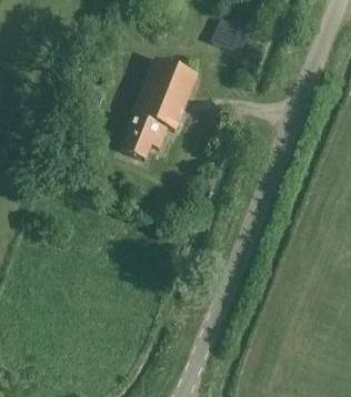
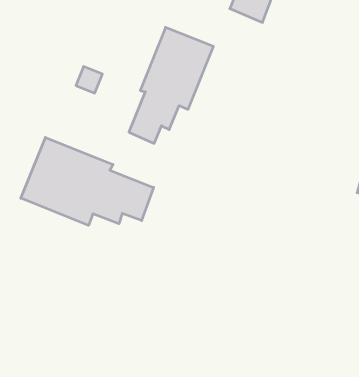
building: none -> [21,137,154,225]

